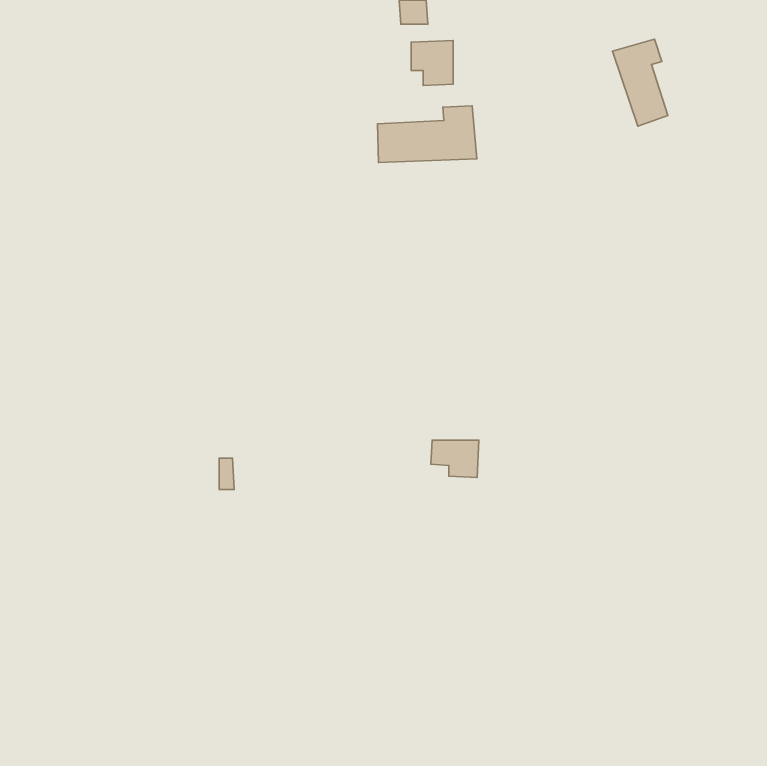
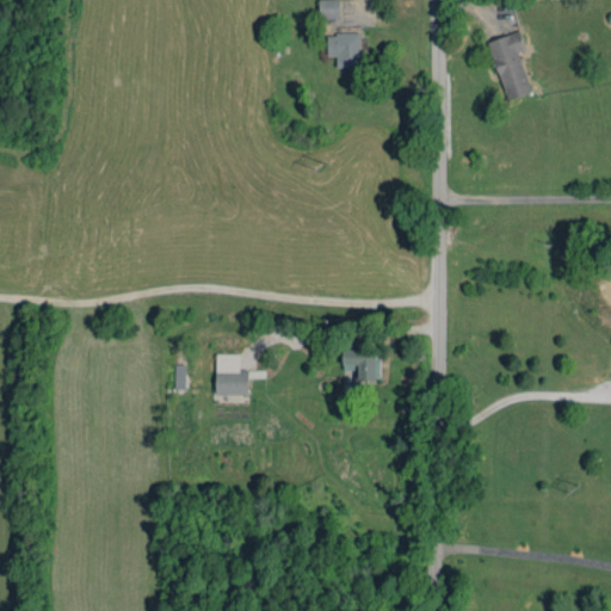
building: [377,106,477,162] -> none
building: none -> [215,354,248,396]

